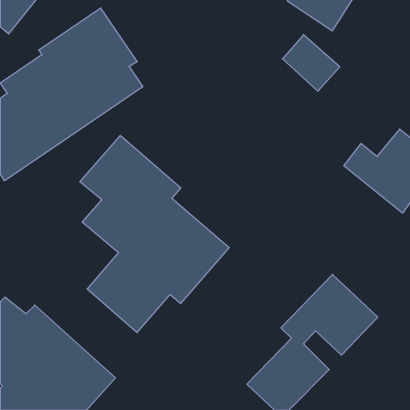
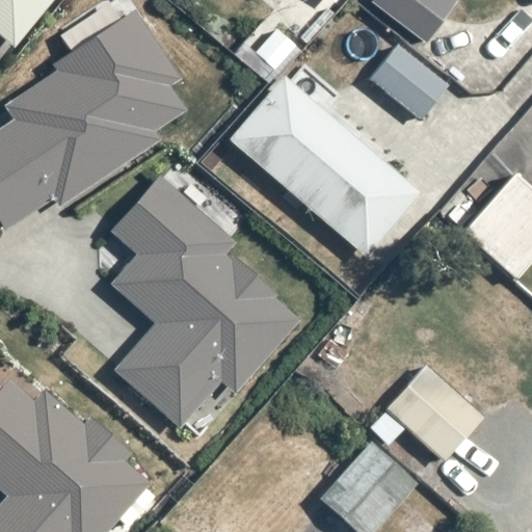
building: none -> [229,78,423,260]

